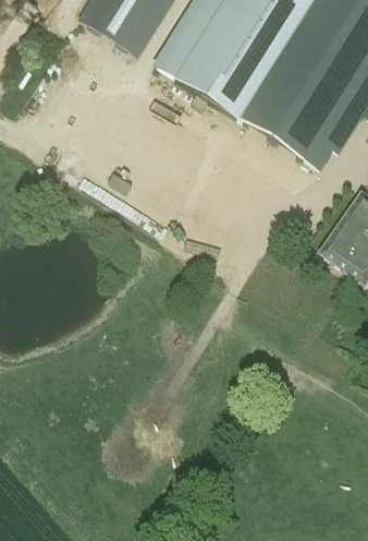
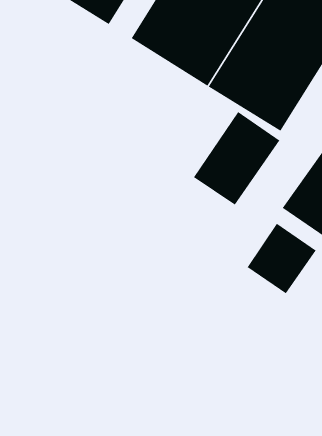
building: none -> [193,111,280,206]
building: none -> [247,223,316,294]

